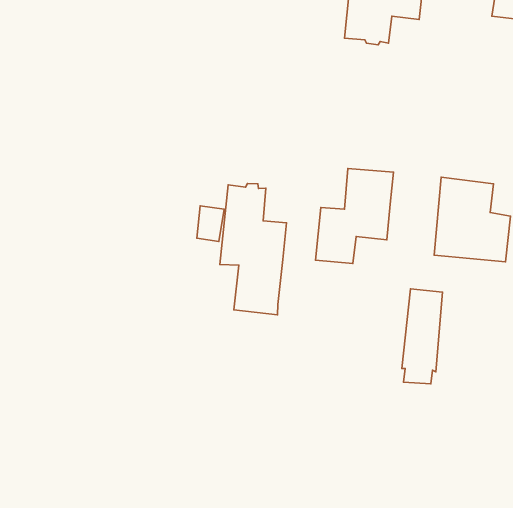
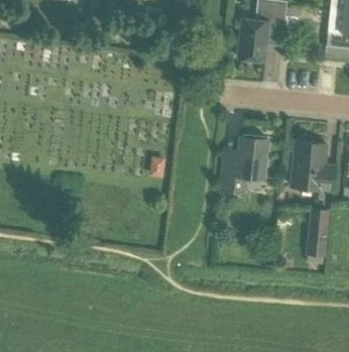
building: [220,183,286,315] -> none
building: [402,289,443,384] -> [306,208,330,264]

